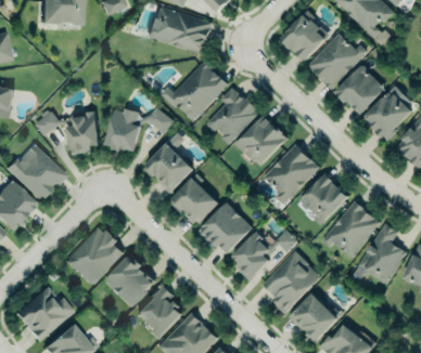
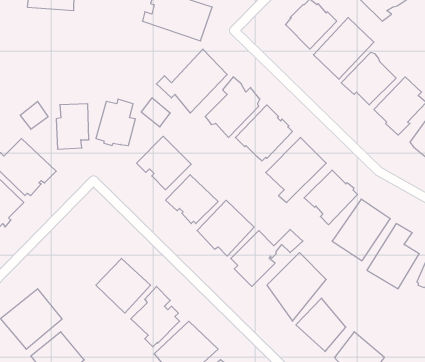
building: [65,226,125,286] -> none

